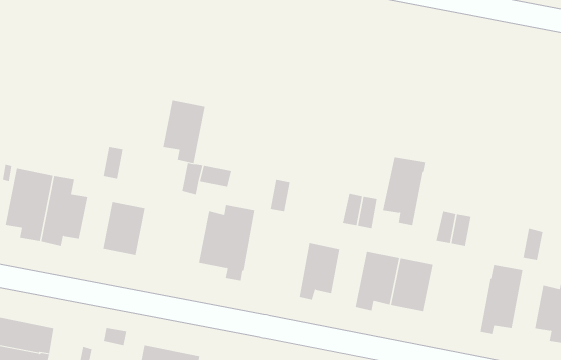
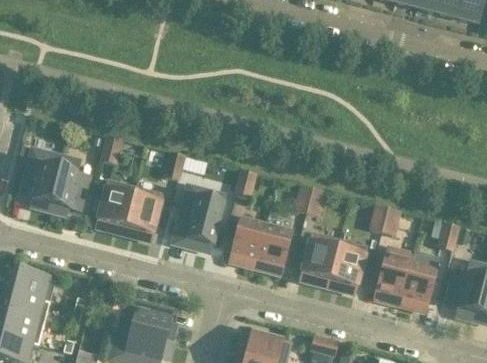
building: [162,100,206,164] -> [125,187,162,240]
building: [382,157,426,226] -> [376,247,414,304]
building: none -> [231,217,266,267]

